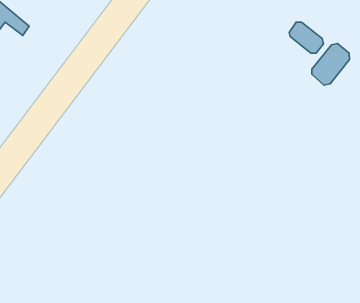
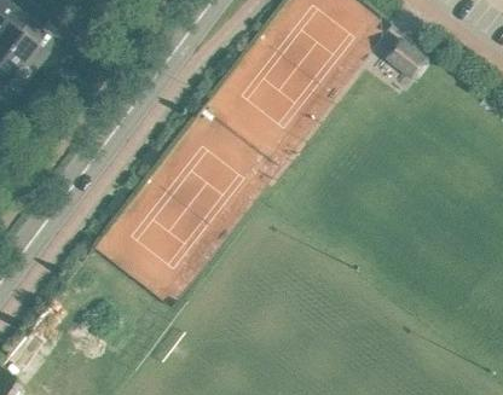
building: [312,44,350,85] -> none

